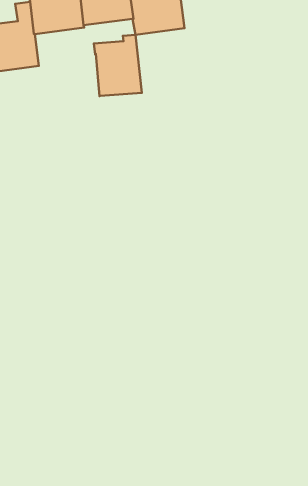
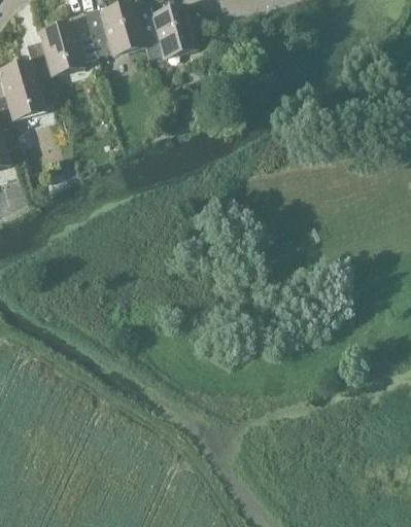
building: [94,35,142,96] -> none

